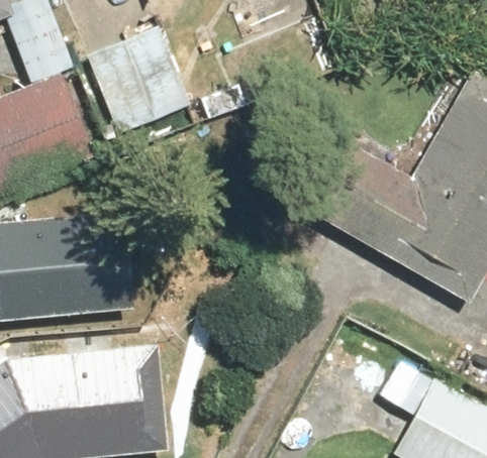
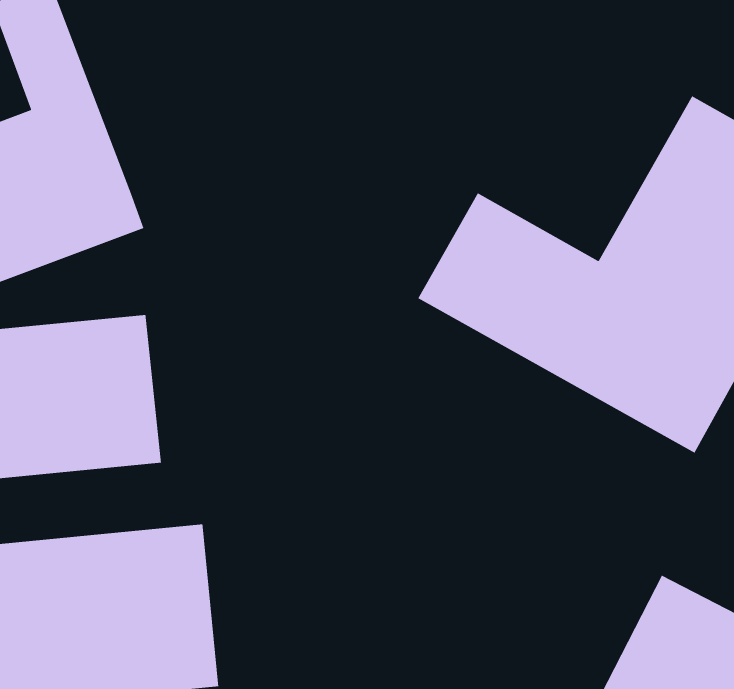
building: [75,29,197,137] -> none

